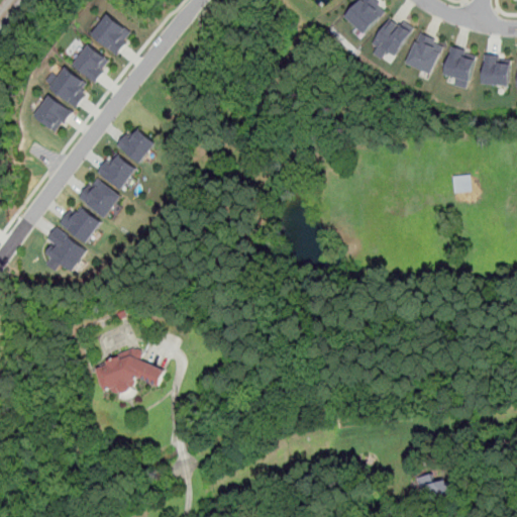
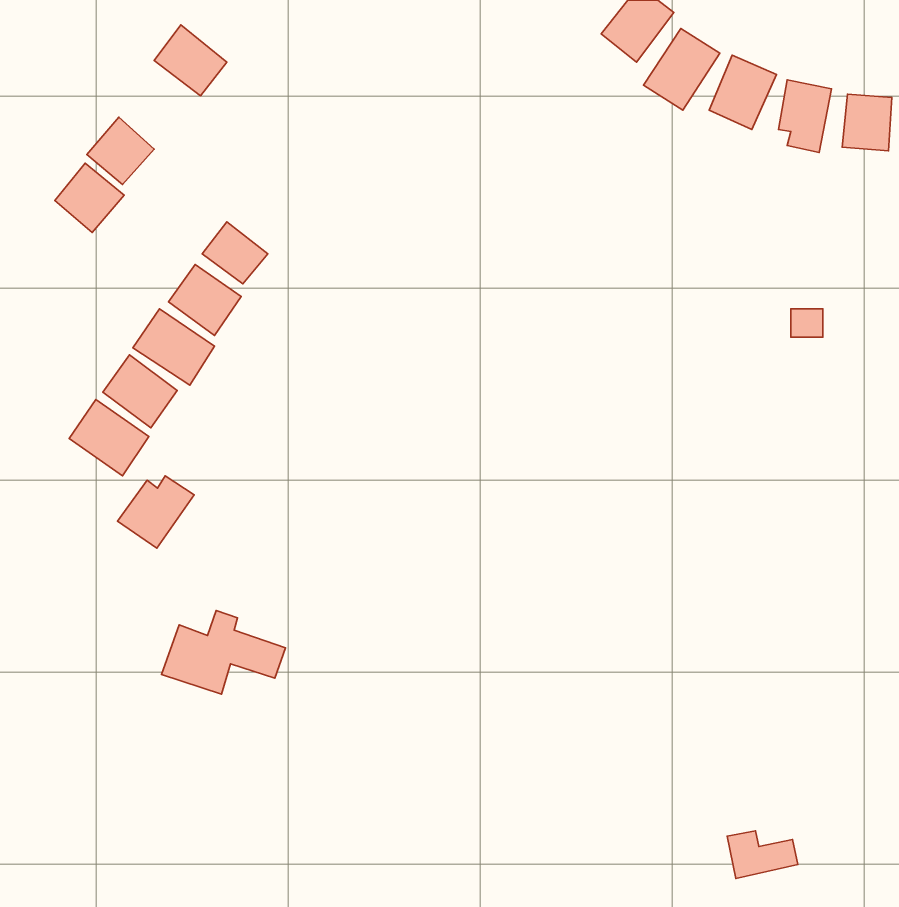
building: [72,43,108,82] -> none
building: none -> [118,476,194,548]

